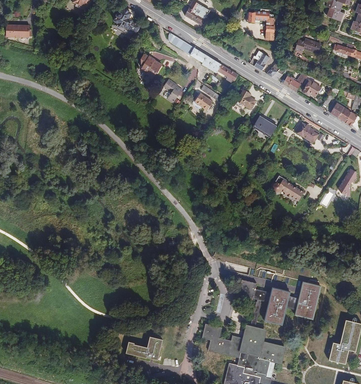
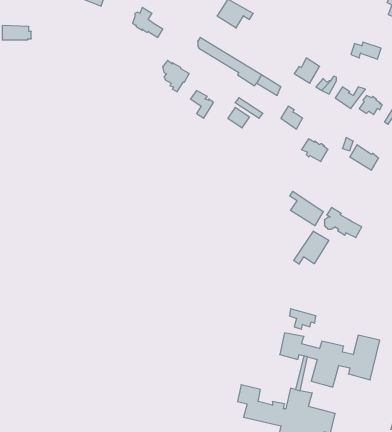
building: [246,8,274,42] -> none
building: none -> [290,191,323,226]
building: none -> [294,231,329,264]
building: [126,336,162,357] -> none

